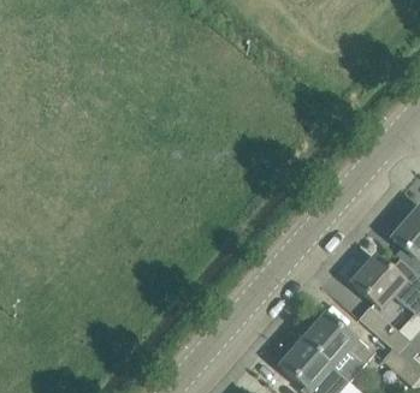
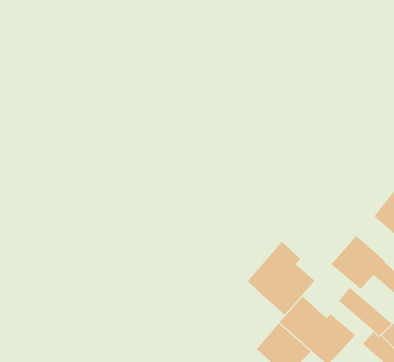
building: none -> [247,241,315,315]

